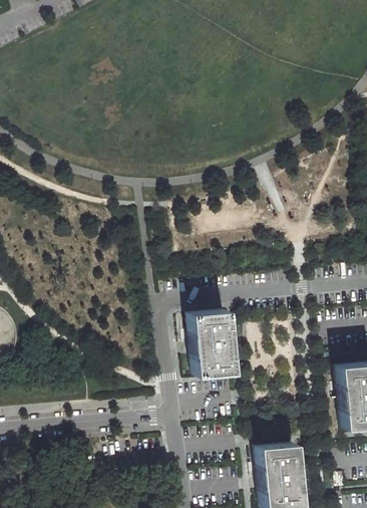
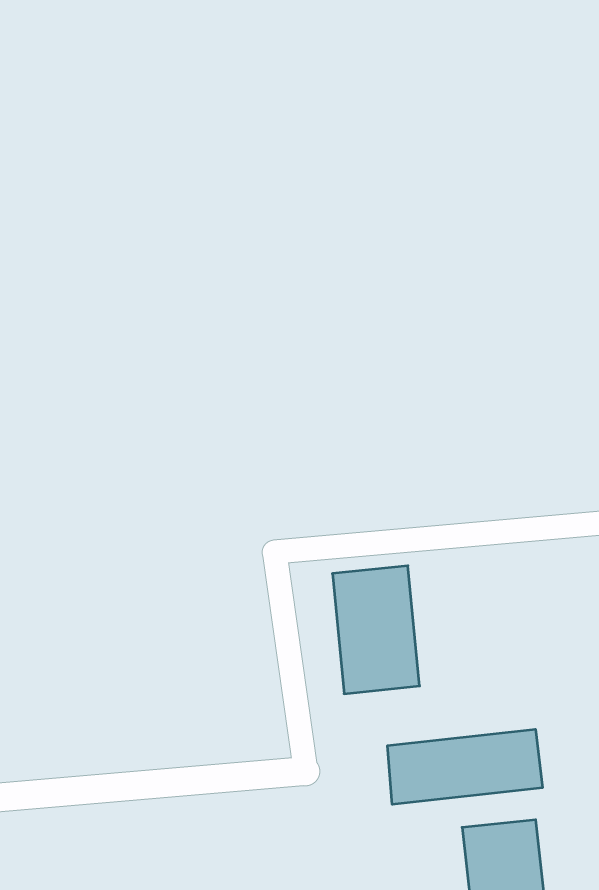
building: none -> [388,729,542,804]

